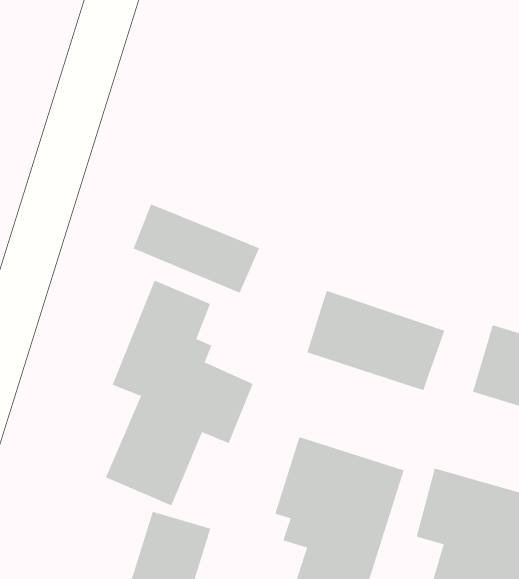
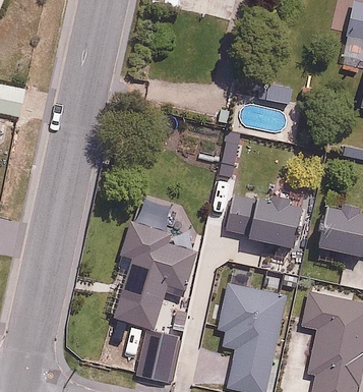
building: [133,203,260,293] -> none

